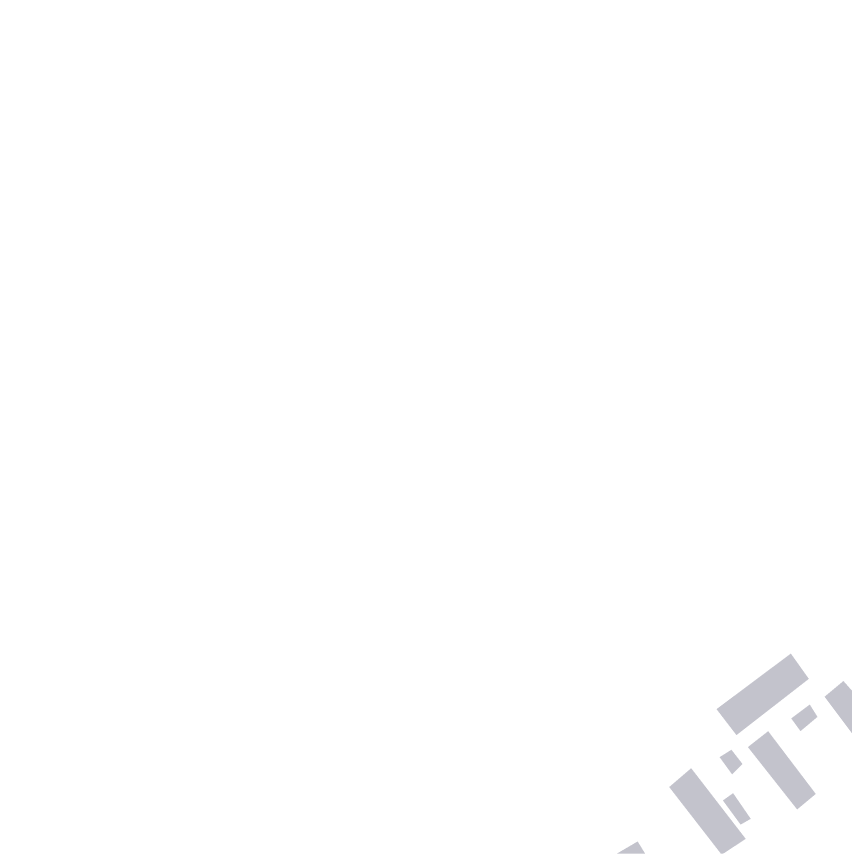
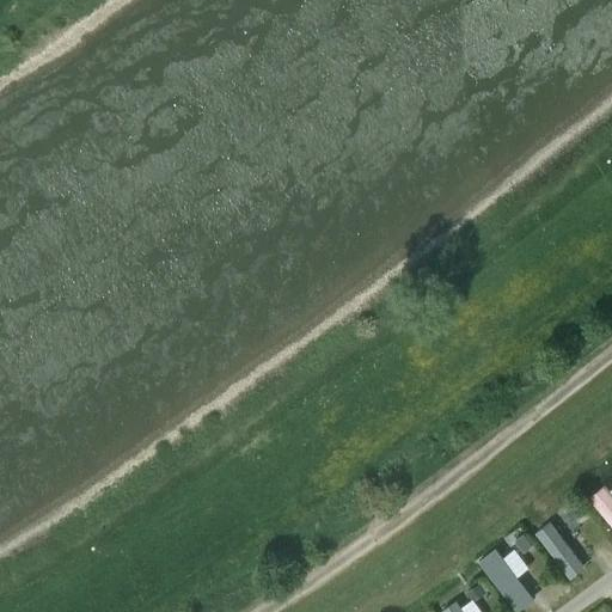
building: [715,652,810,736] -> none

